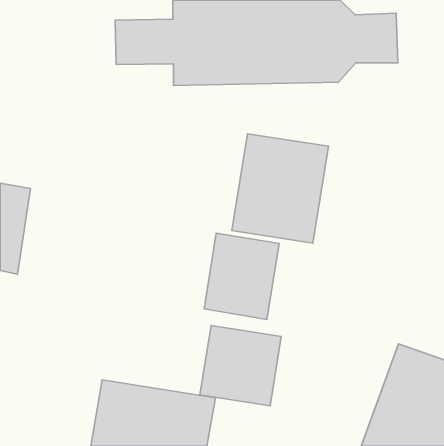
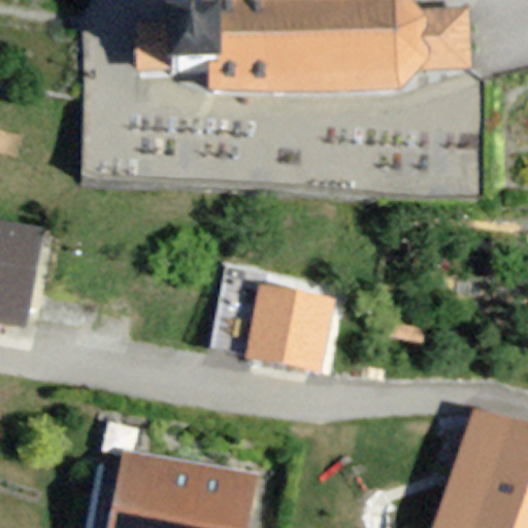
building: [232,134,328,243] -> none
building: [200,326,281,406] -> none

